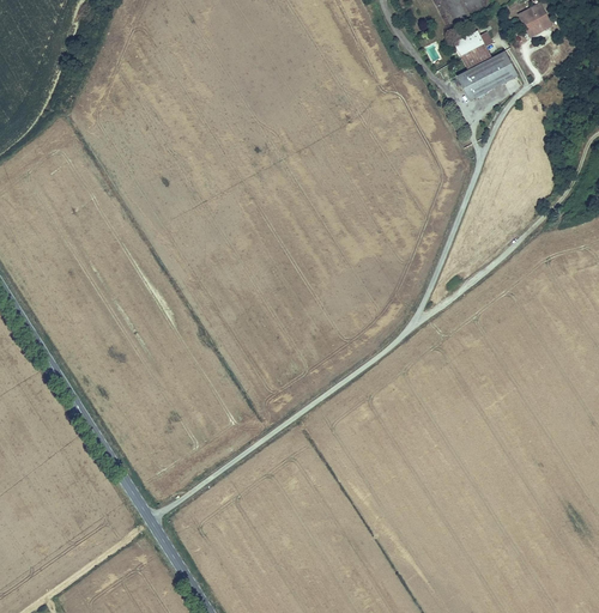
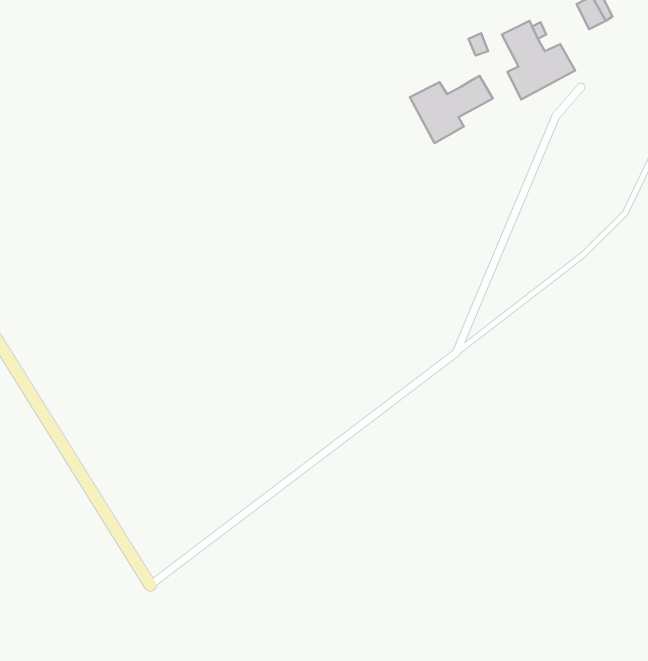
building: none -> [410,76,493,143]

